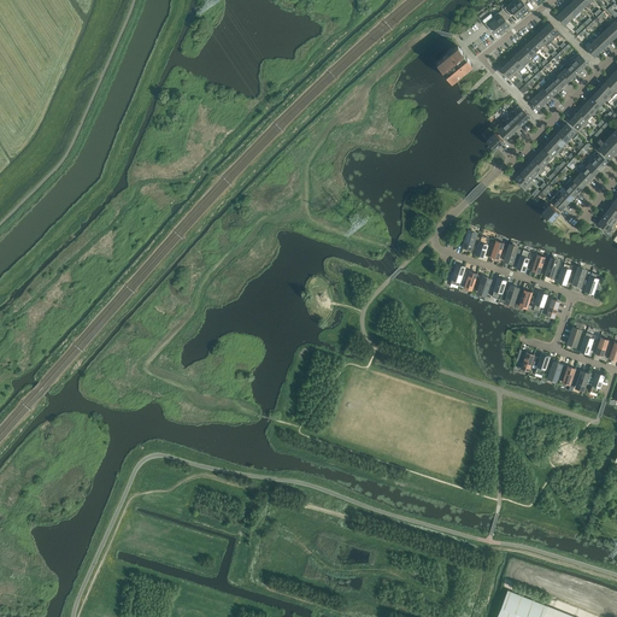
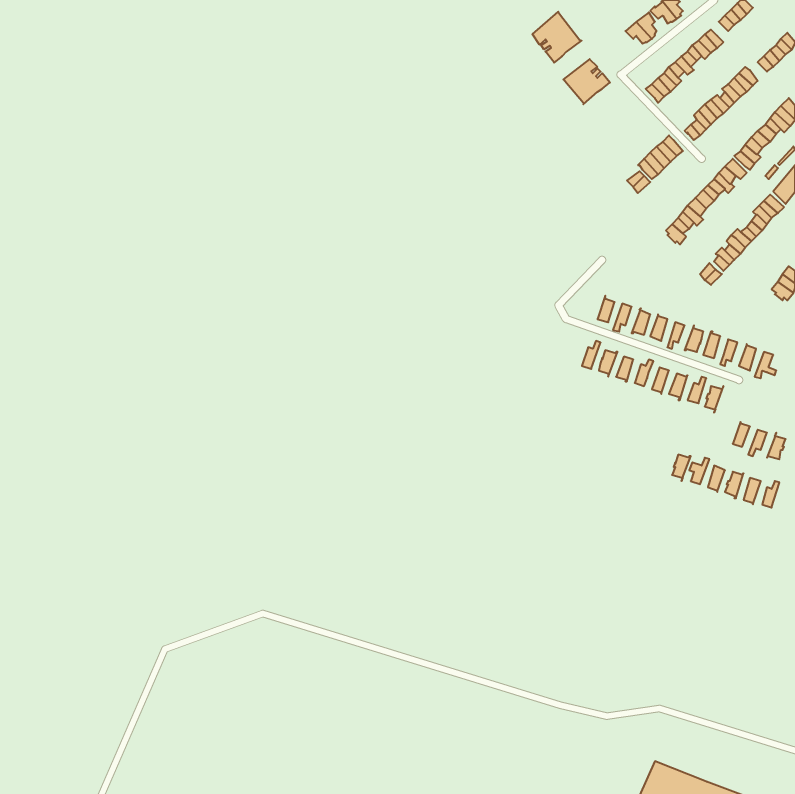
building: none -> [532,12,582,63]

